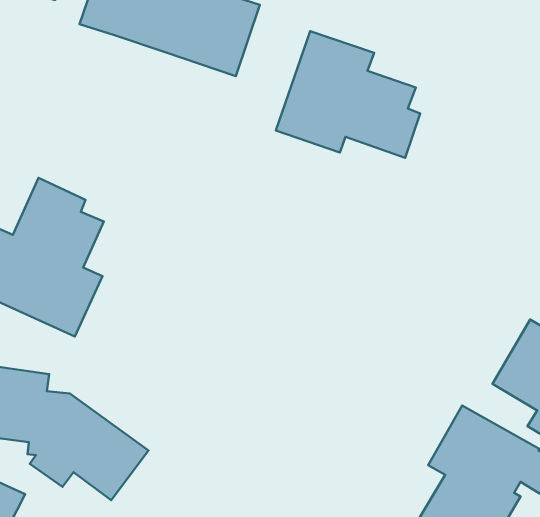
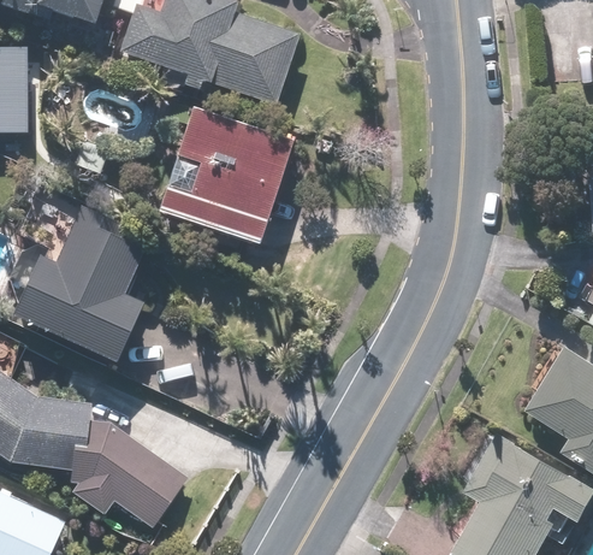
building: [276,31,420,158] -> none
building: none -> [155,105,291,246]

